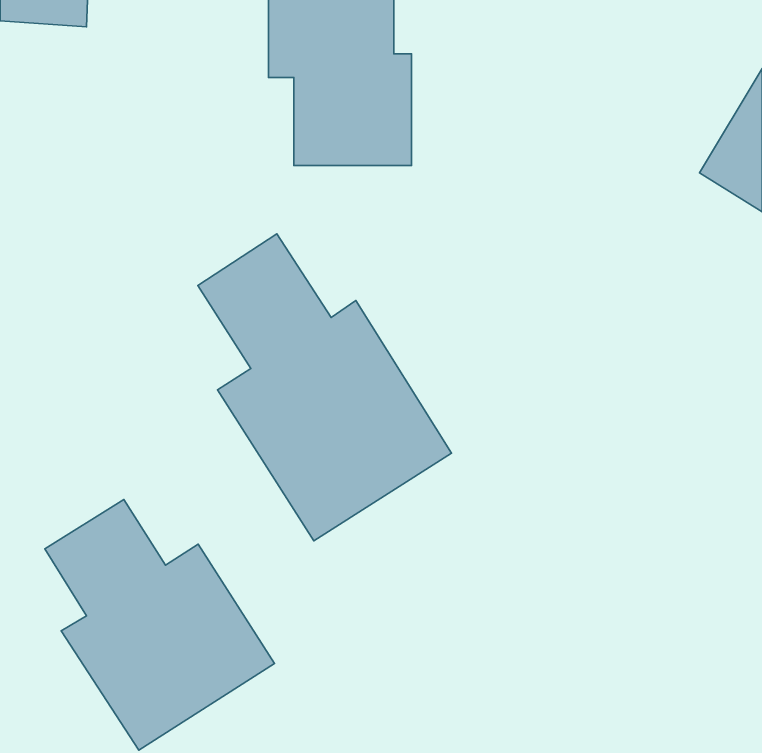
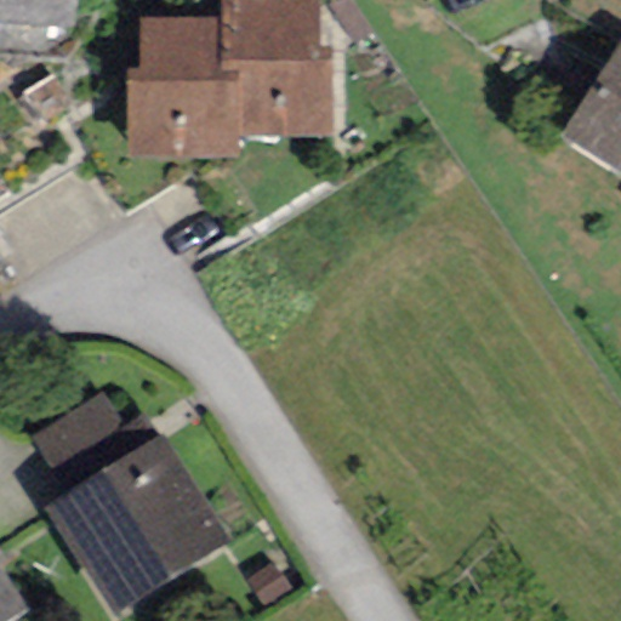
building: none -> [126,13,239,153]
building: [198,234,451,541] -> none

